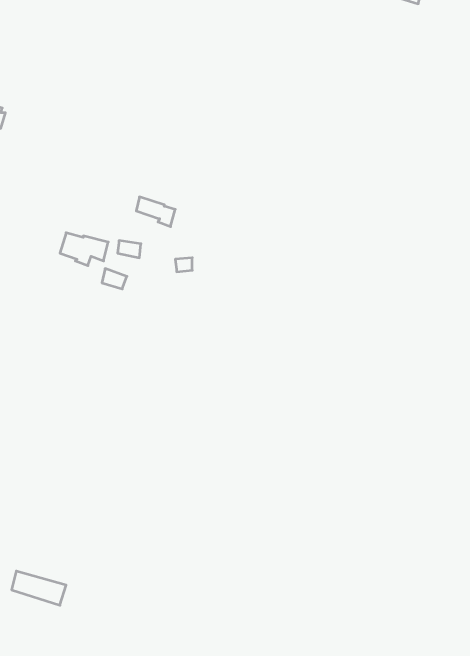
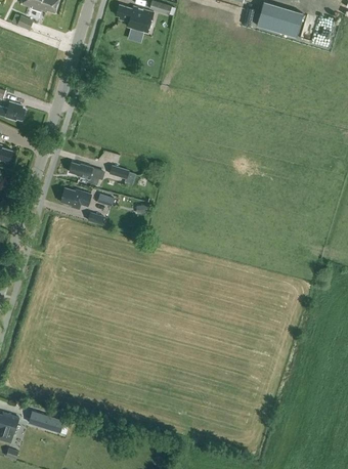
building: none -> [69,162,105,184]

